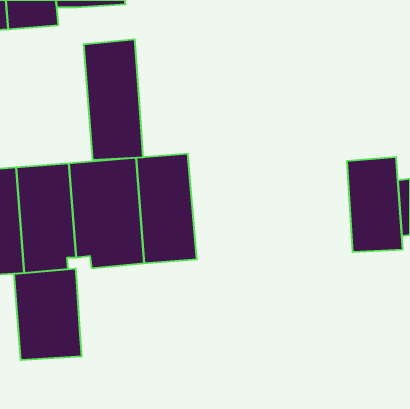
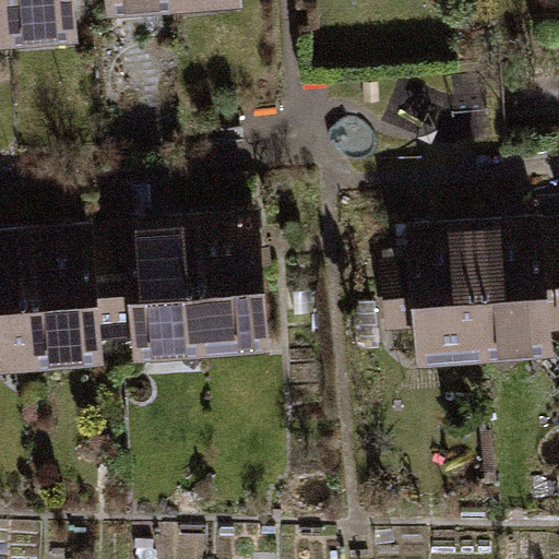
building: [84,39,143,160] -> none
building: none -> [382,224,475,349]
building: [14,268,81,360] -> none

